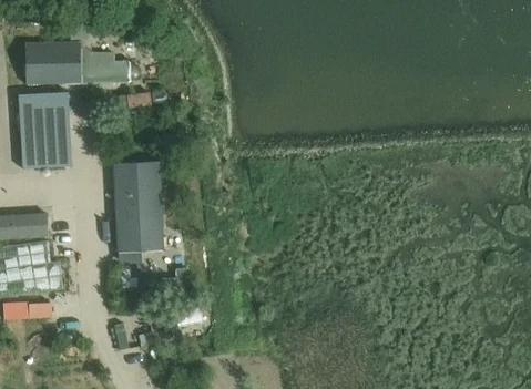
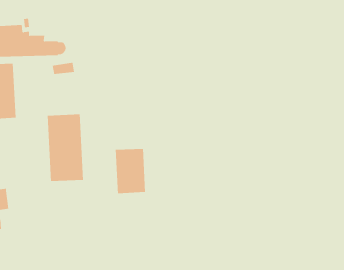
building: none -> [115,148,145,194]

